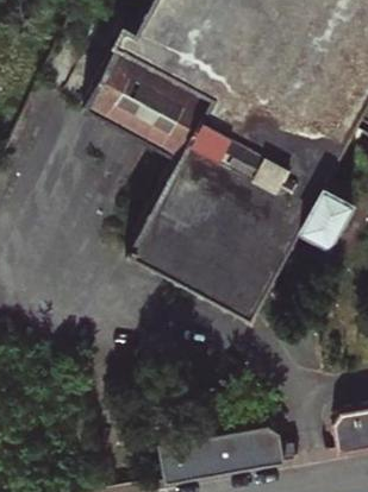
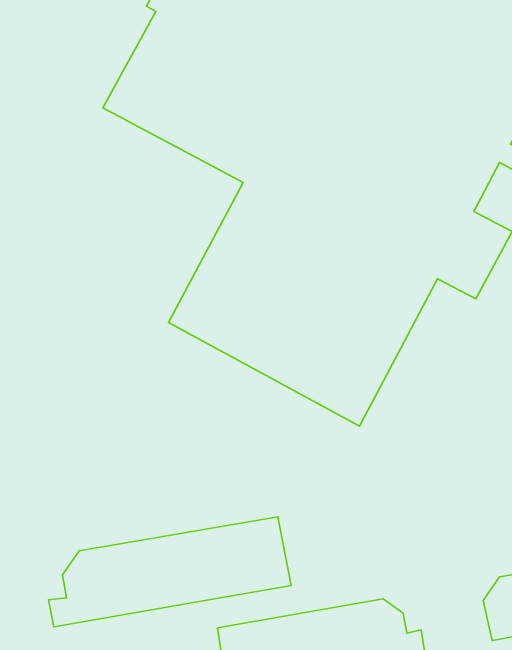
building: none -> [49,517,291,627]

